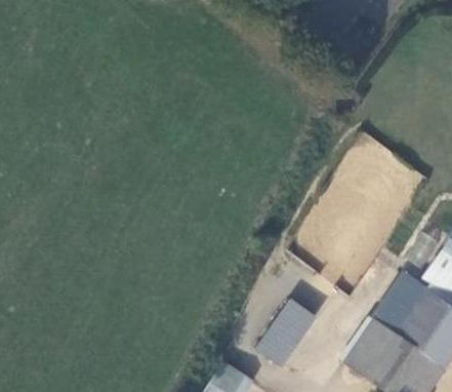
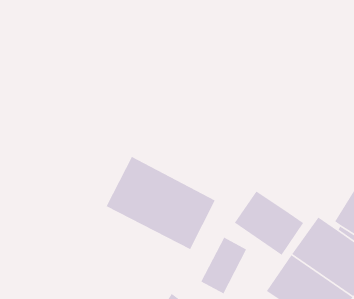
building: none -> [105,156,216,250]
building: none -> [234,190,304,256]

